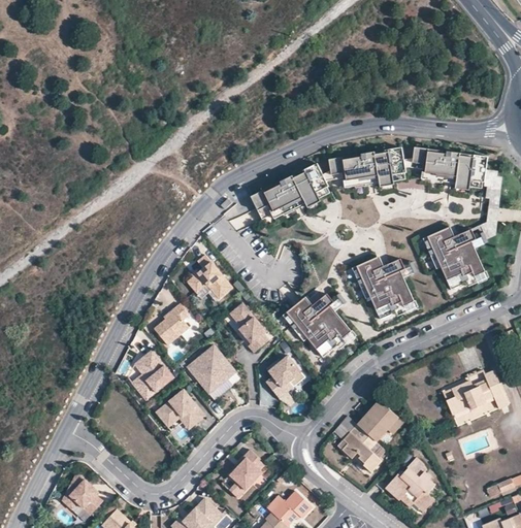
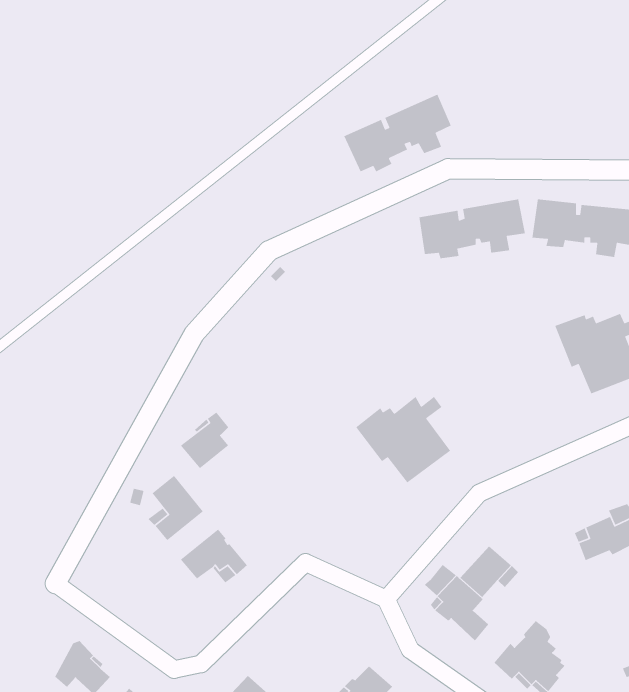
building: [249,165,328,223] -> [343,94,452,173]
building: [187,255,232,300] -> none
building: [354,258,420,318] -> none
building: [227,304,265,354] -> none
building: [186,345,235,394] -> none
building: [265,356,301,408] -> none
building: [229,449,265,498] -> none

